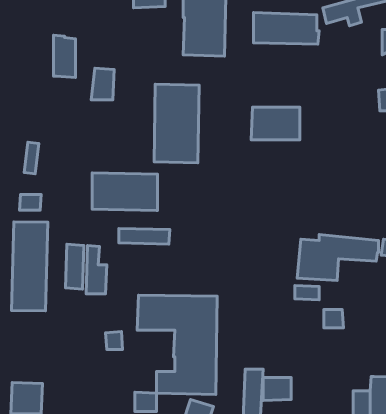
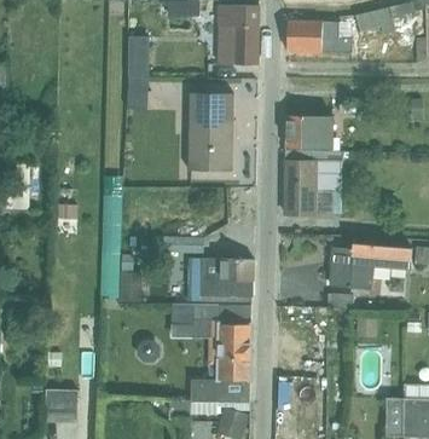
building: [54,35,75,78] -> [127,35,149,77]
building: none -> [284,149,343,213]
building: [92,173,158,210] -> [189,258,254,295]
building: [12,222,48,311] -> none

